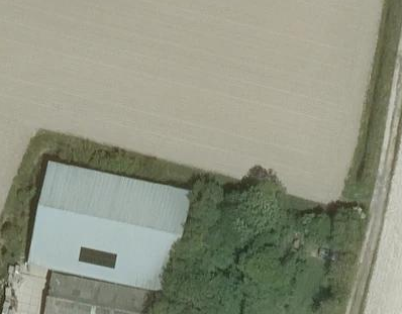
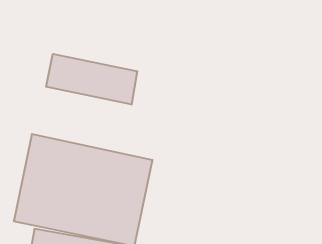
building: none -> [46,54,137,105]

